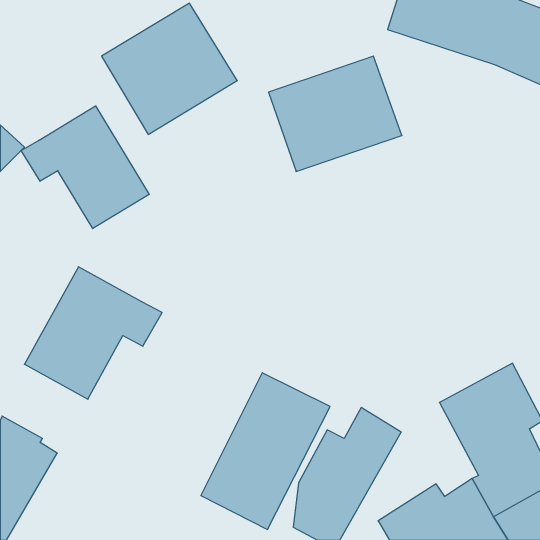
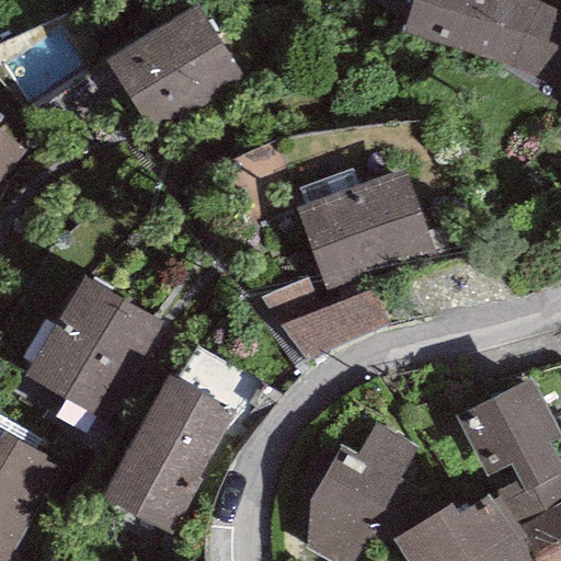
building: [269,56,402,172] -> [296,170,434,289]
building: [21,106,149,229] -> none
building: none -> [280,289,389,362]
building: [201,373,330,529] -> [103,375,237,537]

